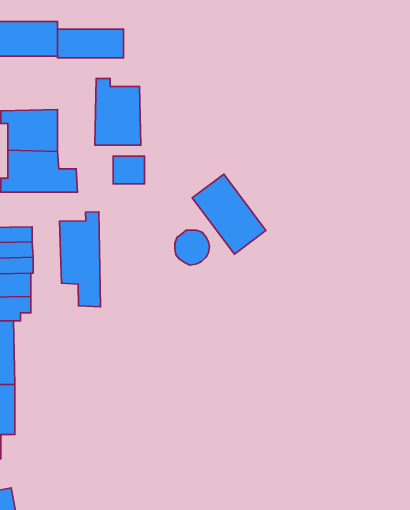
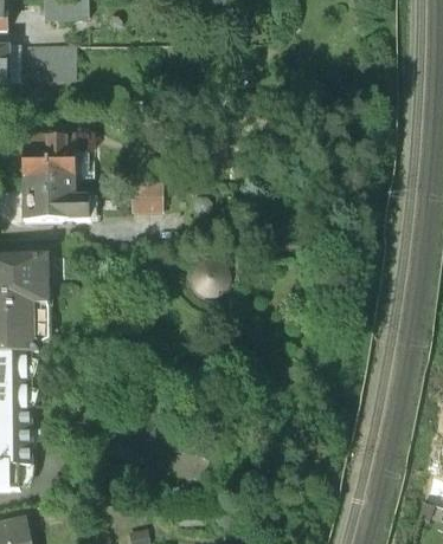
building: [58,29,124,58] -> none
building: [95,78,141,145] -> none
building: [192,174,266,254] -> none
building: [59,212,100,307] -> none

